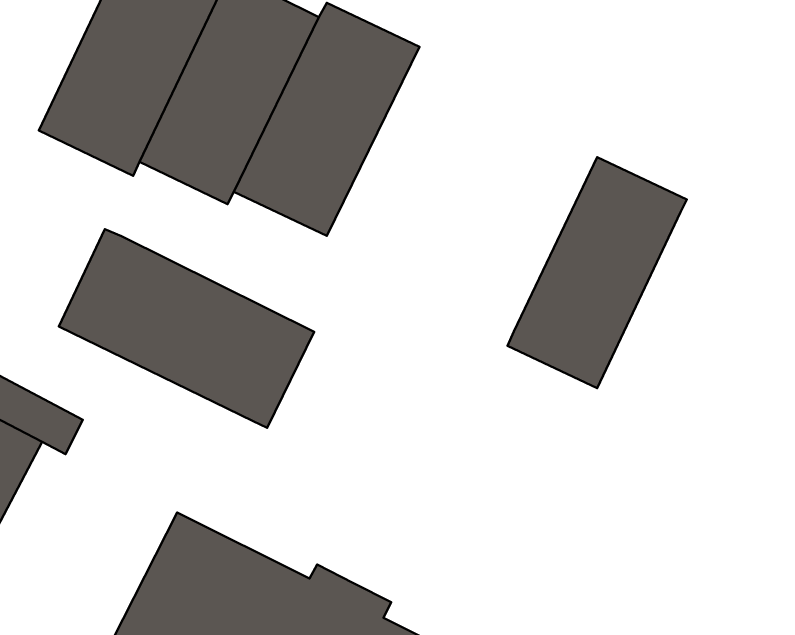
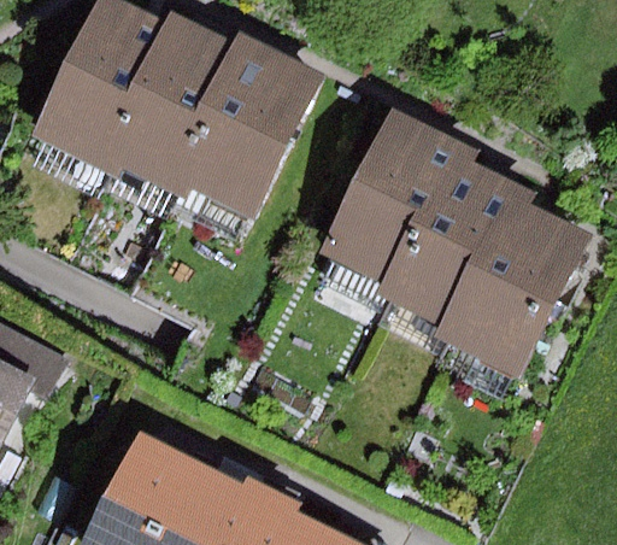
building: none -> [322,113,463,292]
building: none -> [453,200,593,379]
building: [59,229,314,428] -> none

